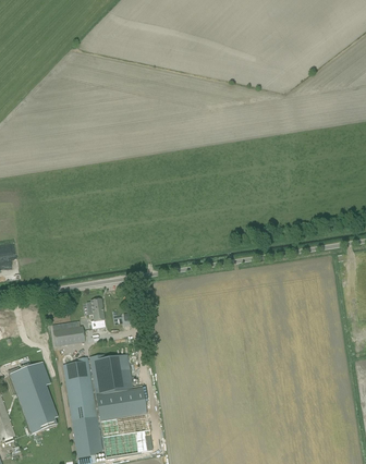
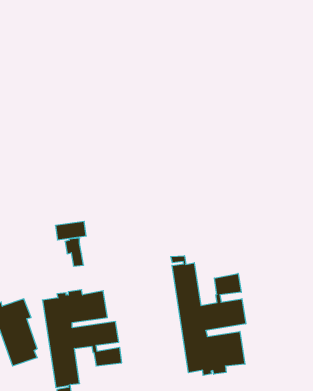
building: none -> [171,256,246,375]
building: [52,326,85,345] -> [55,221,86,240]

